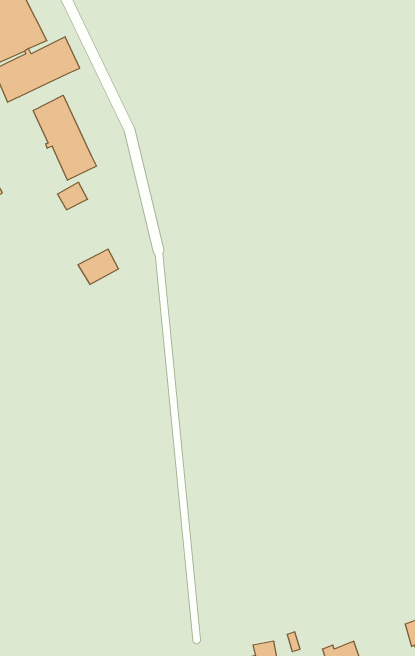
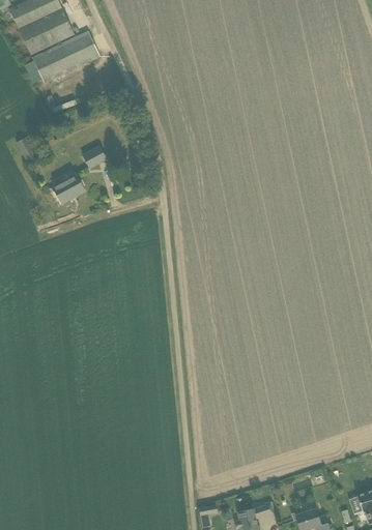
building: [33,95,96,180] -> none
building: [78,249,119,284] -> [53,175,85,203]

